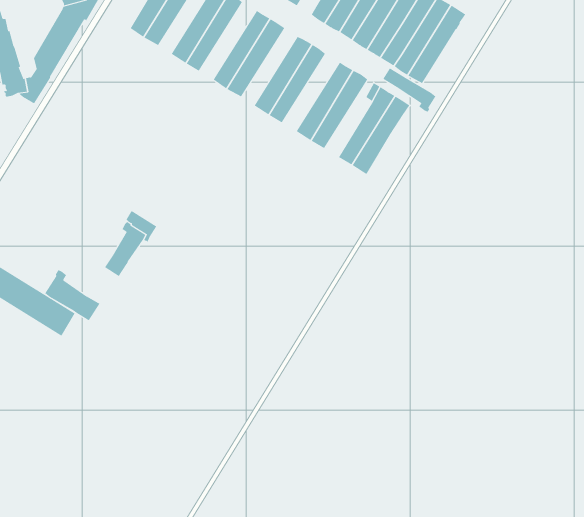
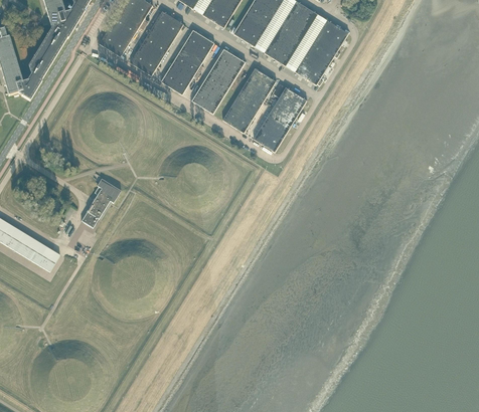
building: [382,67,436,112] -> none
building: [45,270,100,321] -> none

